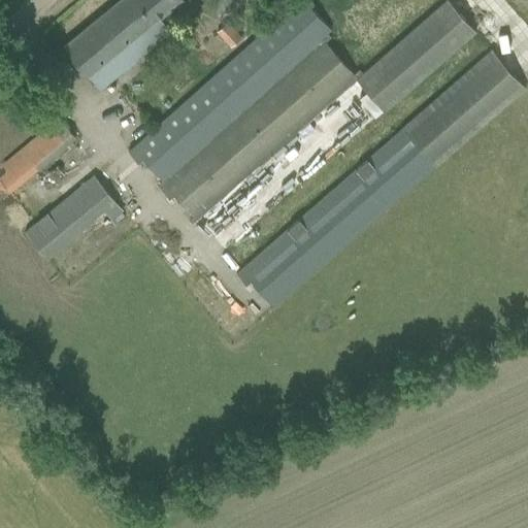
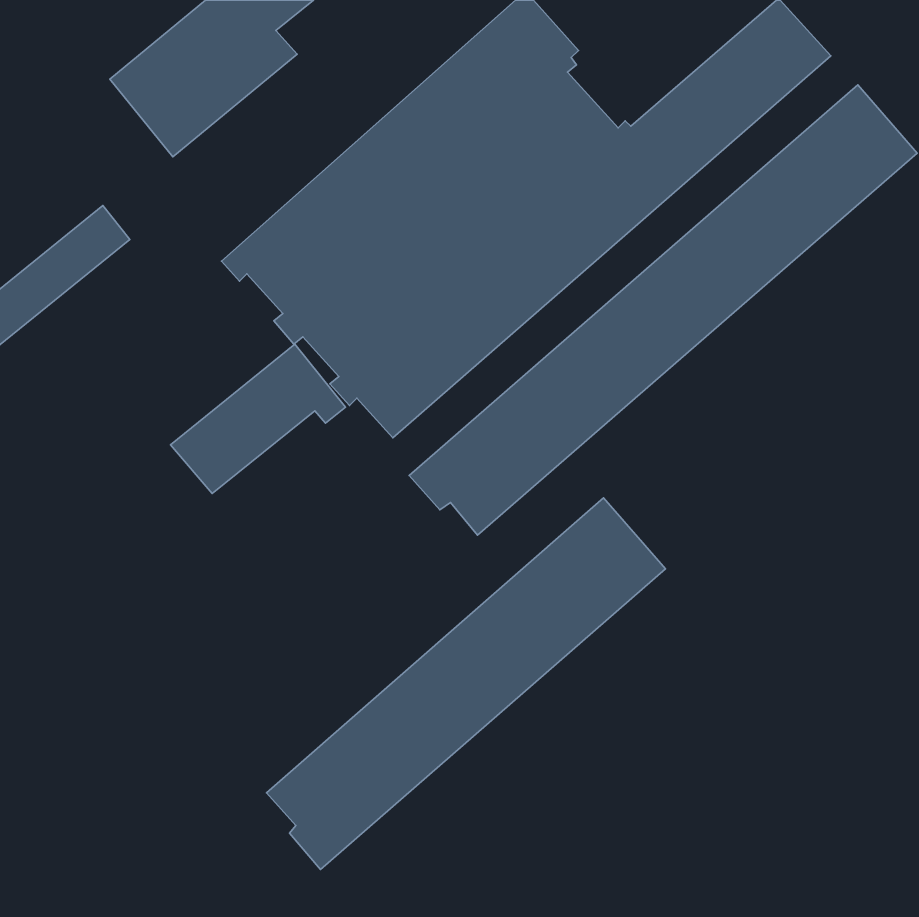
building: [22,176,122,262] -> [171,344,345,494]
building: none -> [266,498,666,870]

